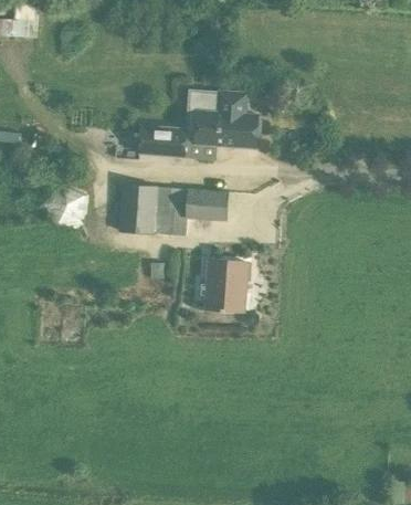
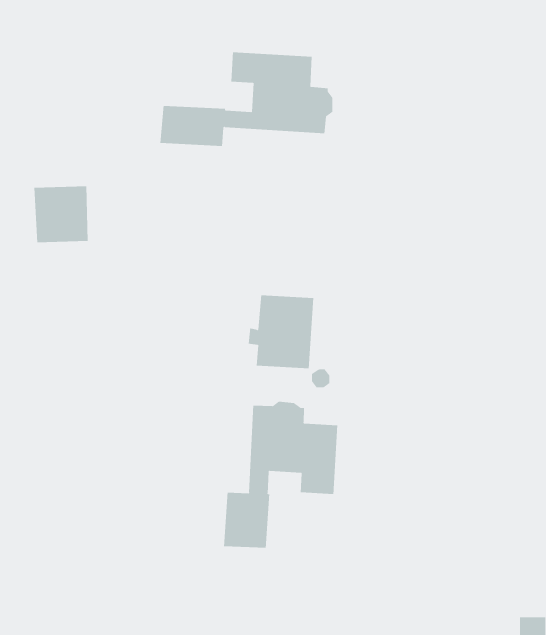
building: [118,186,228,236] -> none
building: none -> [224,401,338,548]

